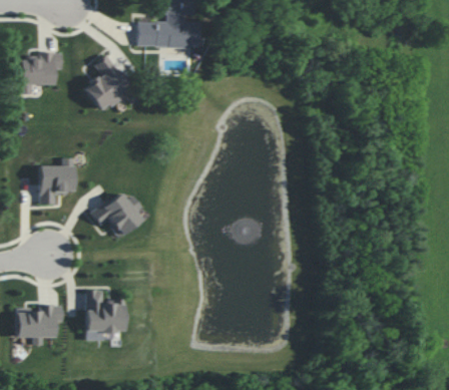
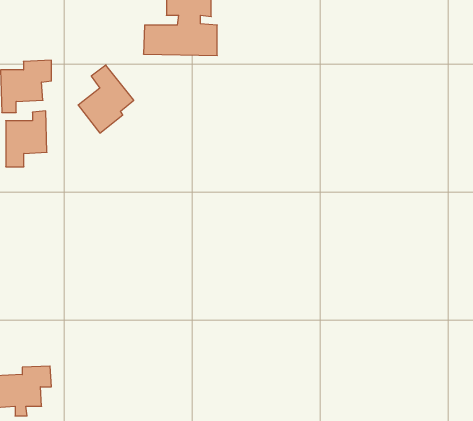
building: [40,157,74,204] -> [6,111,47,167]
building: [91,192,141,237] -> none
building: [84,290,123,332] -> none

